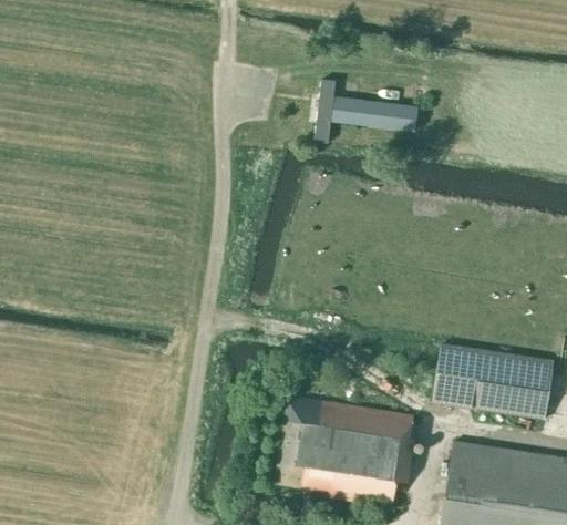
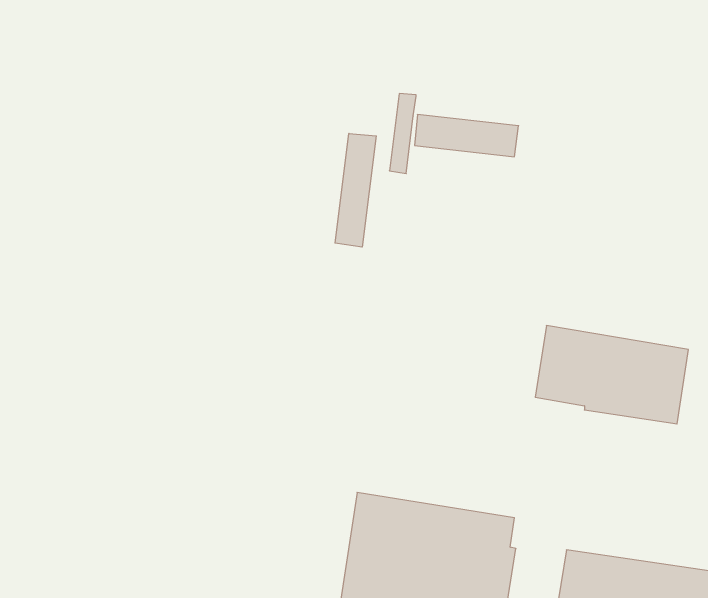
building: none -> [335,133,376,247]
building: [432,342,553,420] -> [535,326,688,424]

